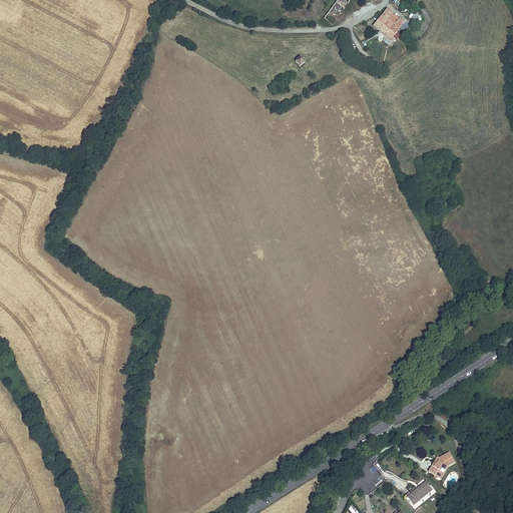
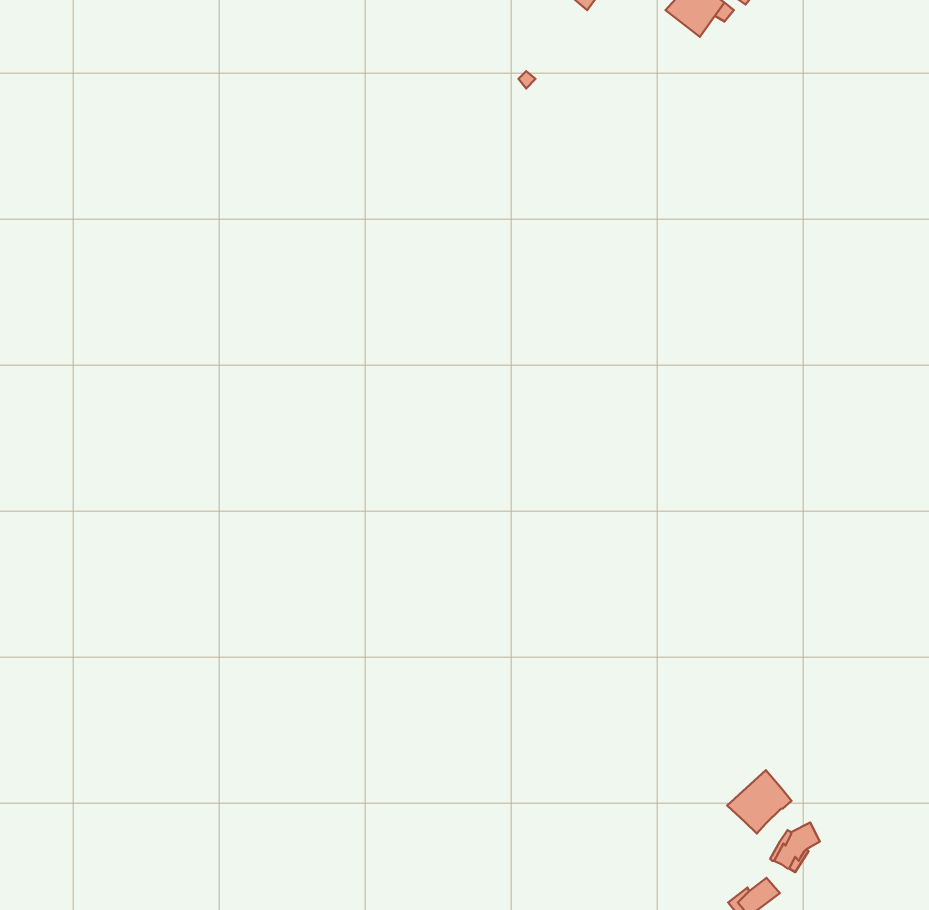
building: none -> [727,770,792,833]

